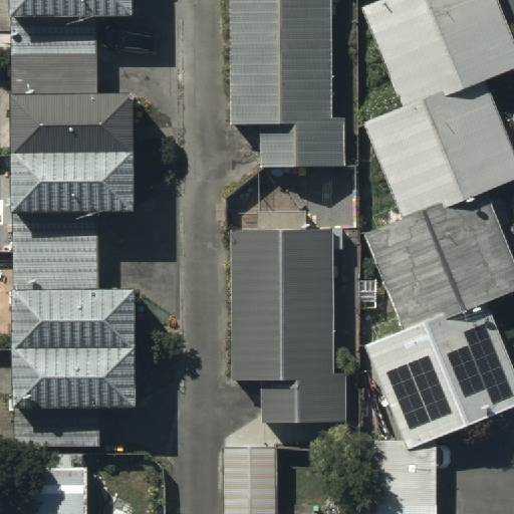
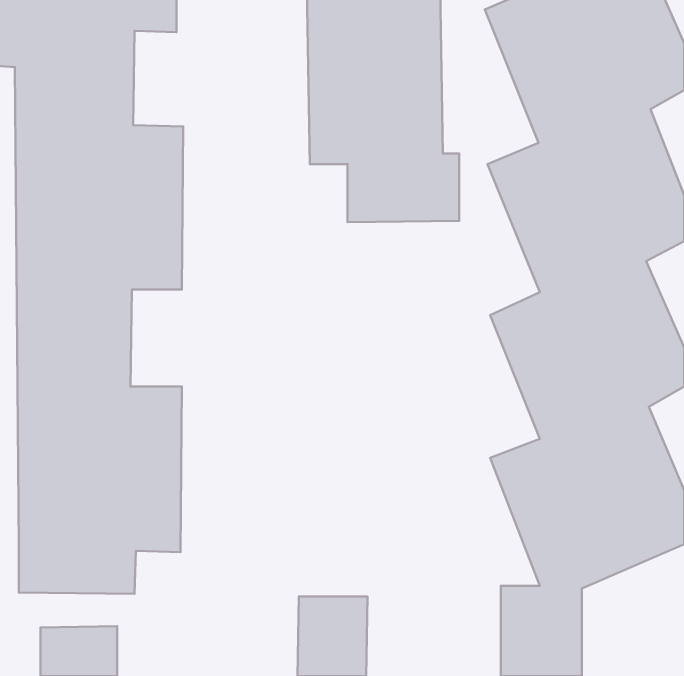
building: [232,229,346,419] -> none

